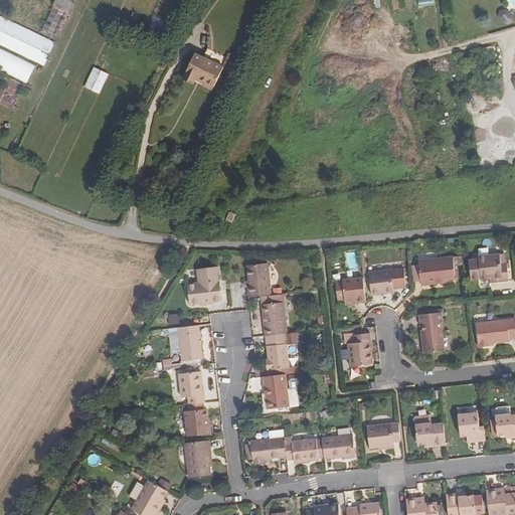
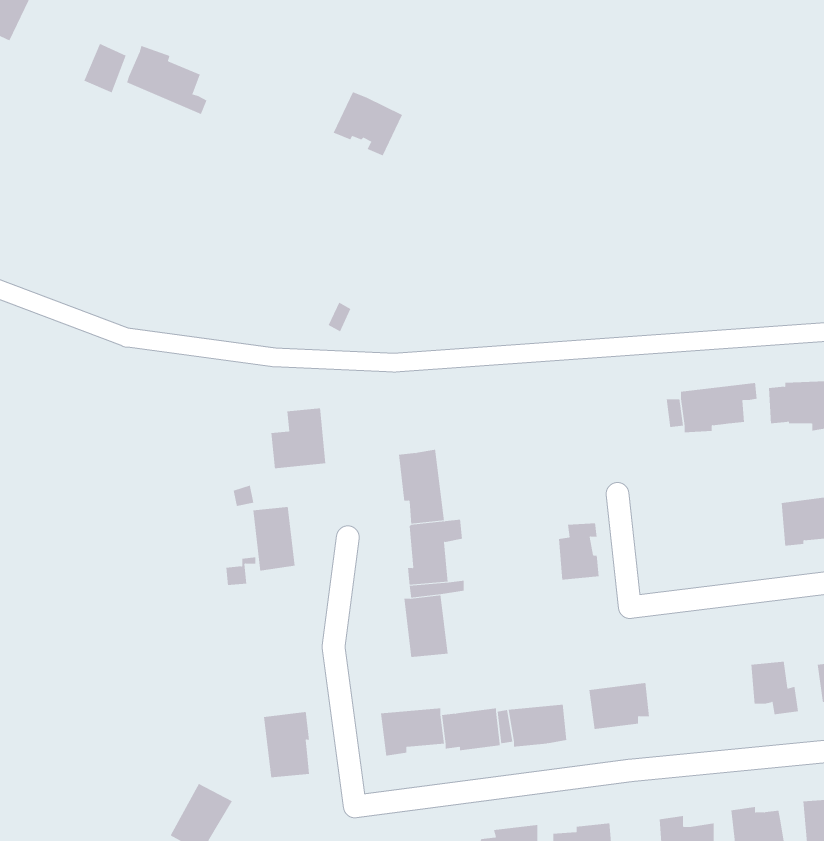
building: [186,54,225,91] -> [333,92,403,156]
building: none -> [127,45,207,115]
building: [245,263,270,297] -> none
building: [368,270,393,295] -> none
building: [335,277,364,304] -> none
building: [416,313,443,353] -> none
building: [178,370,204,404] -> none
building: [183,407,210,436] -> none
building: [411,413,444,446] -> none

